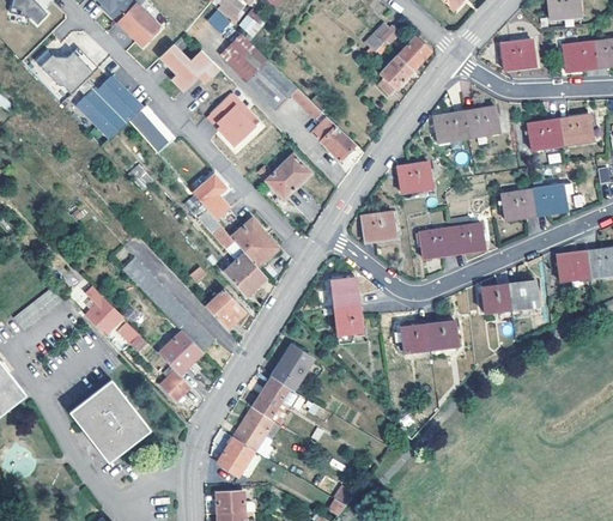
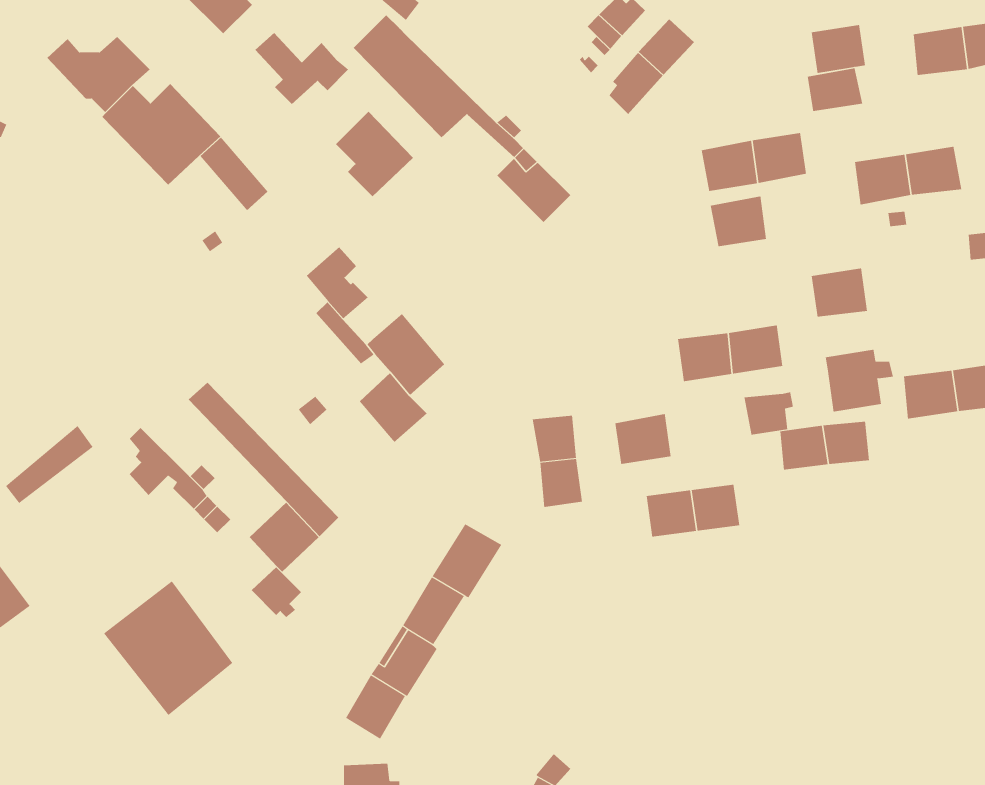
building: none -> [807,67,863,112]
building: [266,155,310,199] -> none
building: [396,162,431,193] -> [710,196,767,247]
building: [530,177,572,216] -> [825,349,894,412]
building: [360,212,395,243] -> [614,413,671,464]
building: none -> [744,391,793,435]
building: [205,290,244,329] -> none

